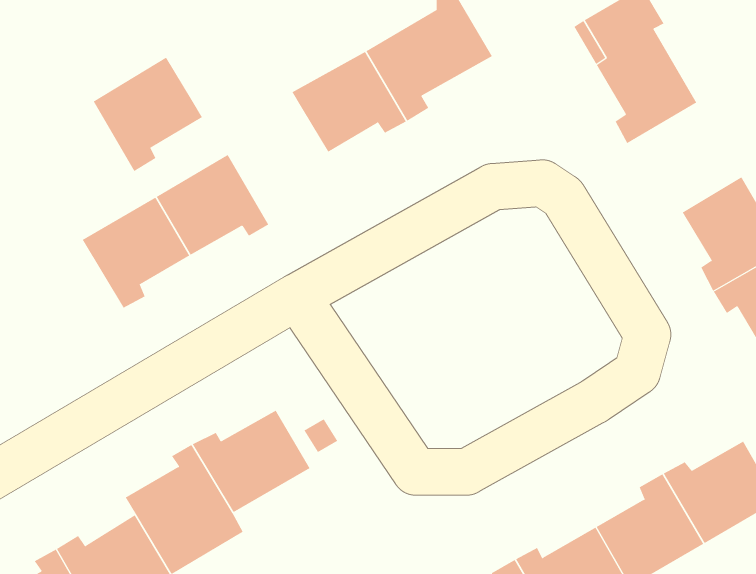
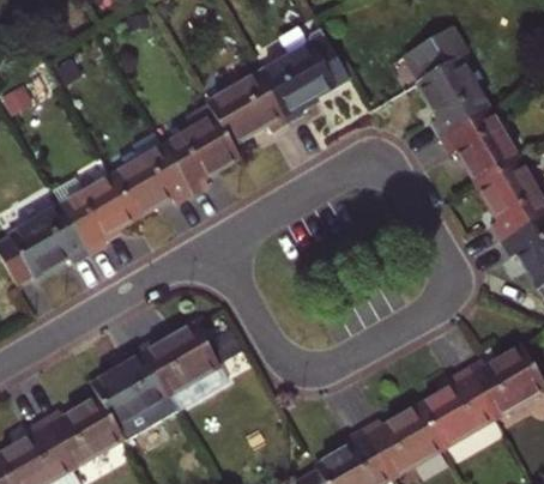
building: [93,57,203,172] -> [163,113,240,193]
building: none -> [441,108,521,184]
building: none -> [11,204,90,276]

